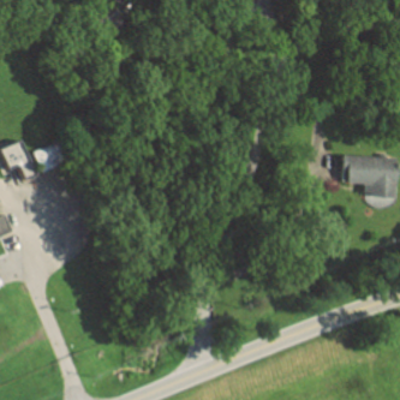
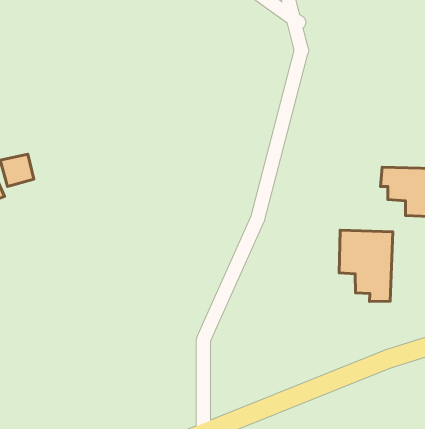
building: none -> [339,230,393,301]

